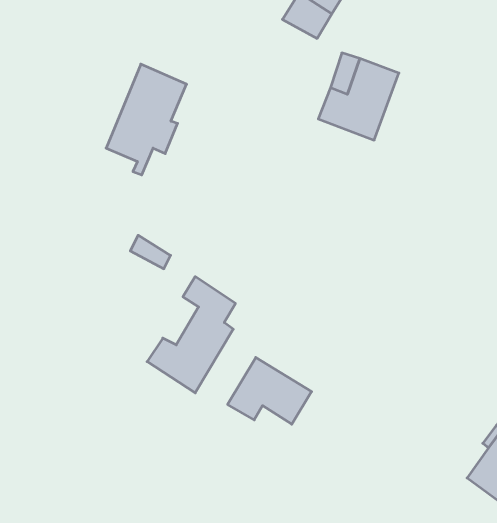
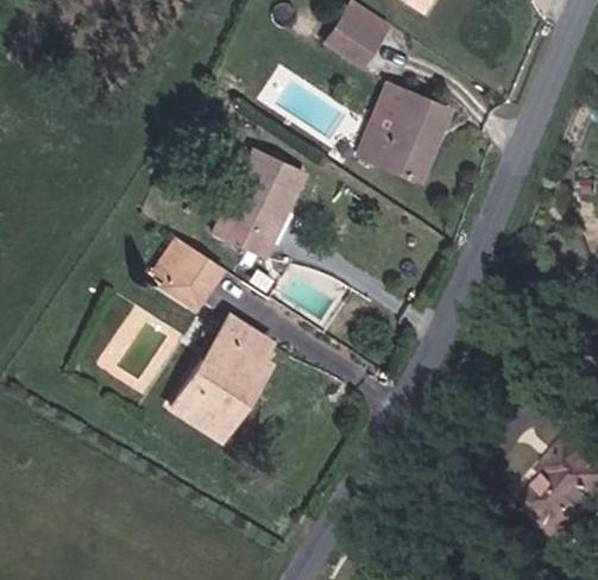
building: [106,64,187,175] -> [216,145,302,263]
building: none -> [168,242,220,295]
building: [228,357,312,424] -> none

